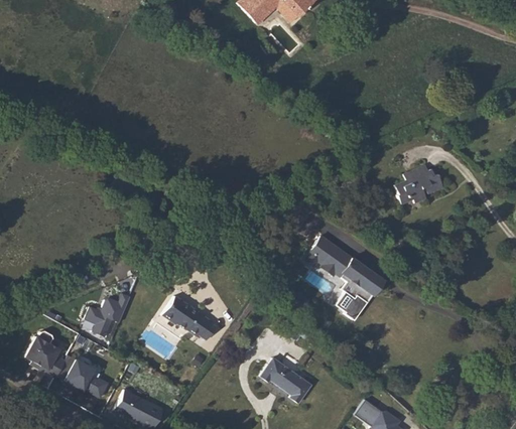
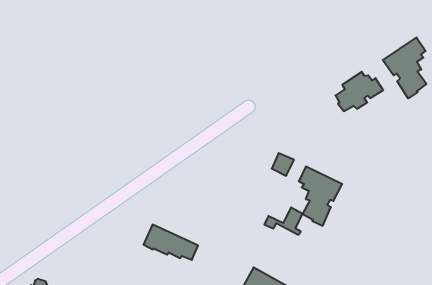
building: none -> [383,37,426,98]
building: [306,249,349,279] -> [264,207,302,235]
building: [87,290,133,335] -> none

